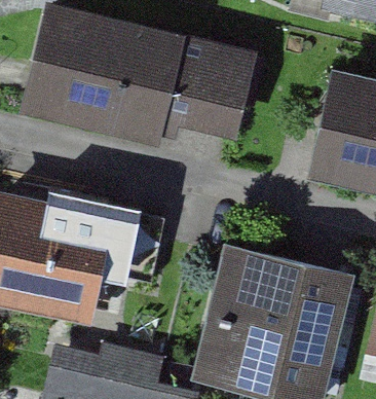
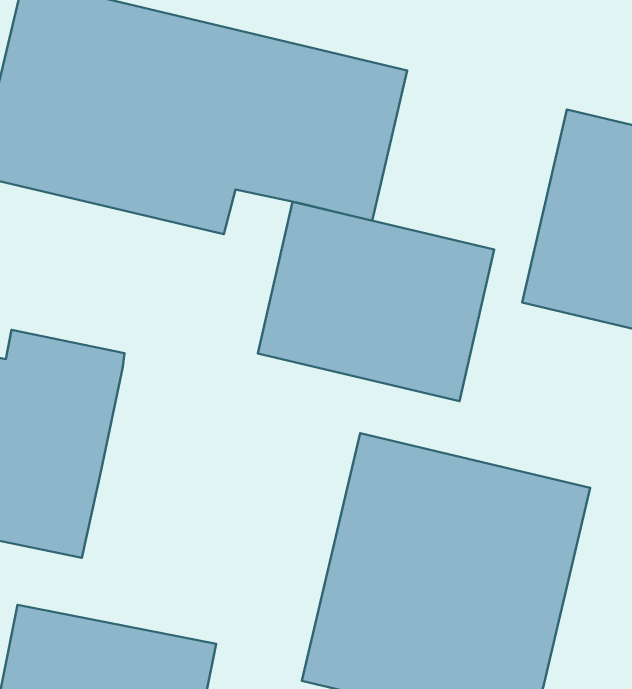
building: none -> [258,202,494,401]
building: [93,212,162,279] -> none

